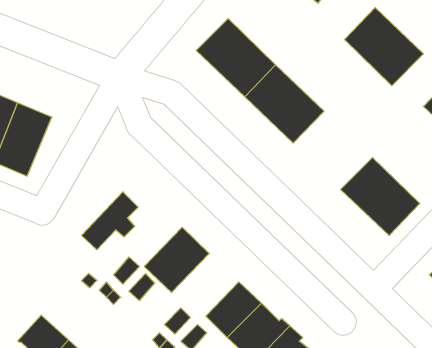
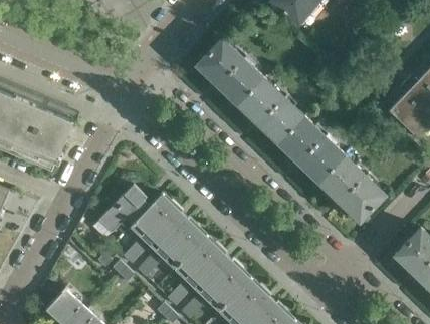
building: [344,8,424,86] -> [277,115,345,182]
building: none -> [130,194,183,247]
building: none -> [174,236,231,293]

